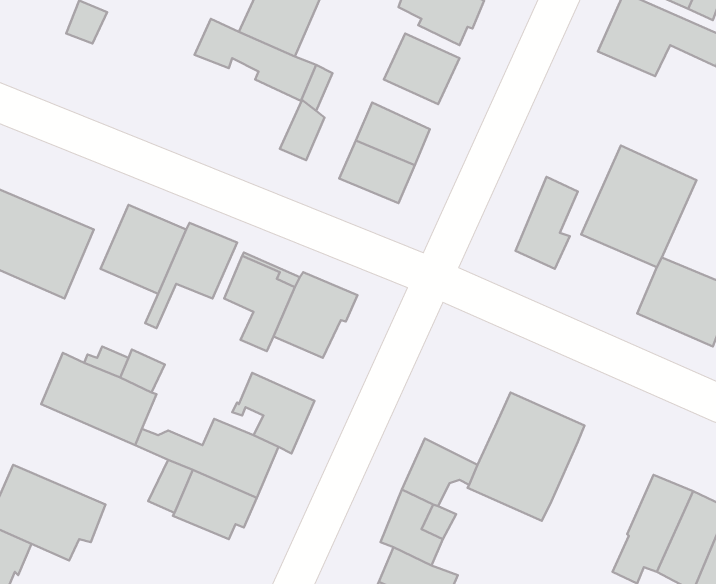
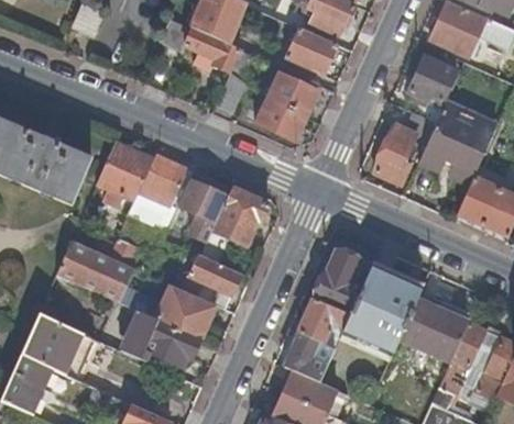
building: none -> [408,56,455,105]
building: none -> [314,249,362,315]
building: none -> [398,300,467,361]

